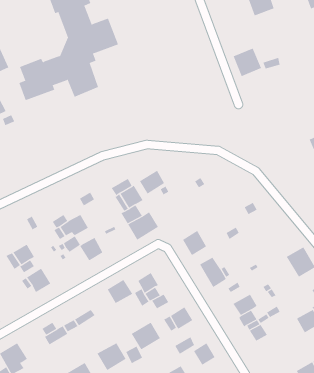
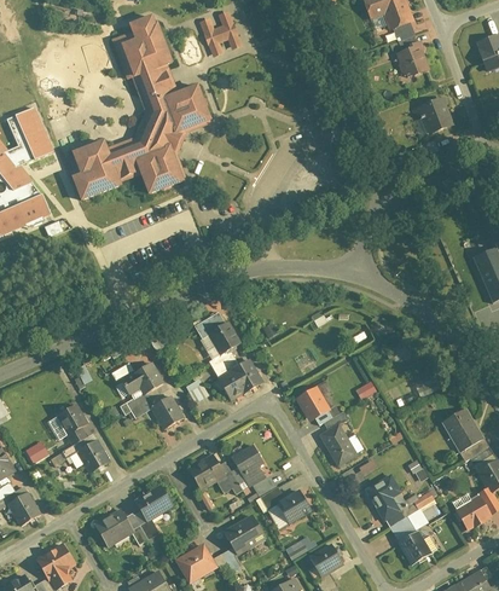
building: [233,48,262,77] -> [408,94,449,135]
building: [139,170,165,195] -> none
building: none -> [400,528,434,563]

